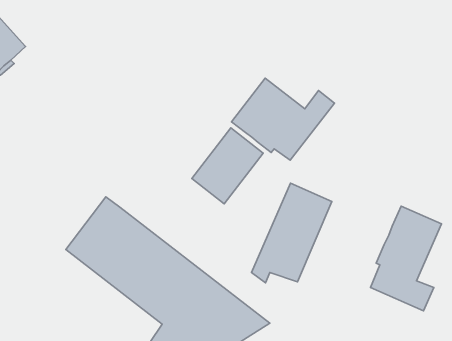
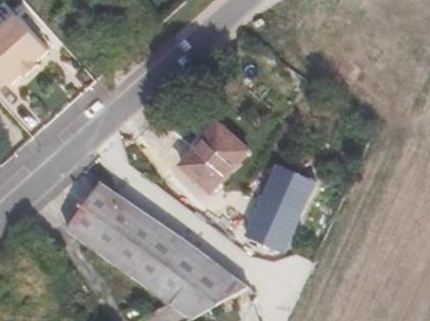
building: [232,78,334,160] -> none
building: [370,206,442,311] -> none

